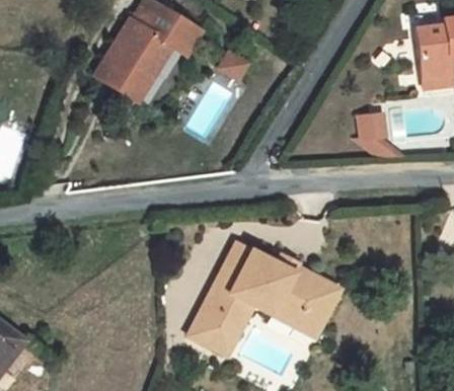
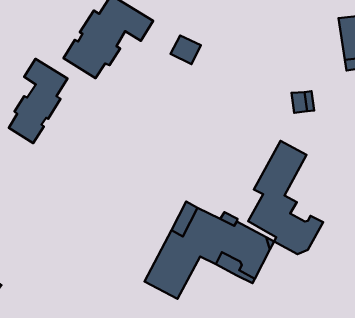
building: none -> [9,59,67,143]
building: none -> [248,141,323,254]

